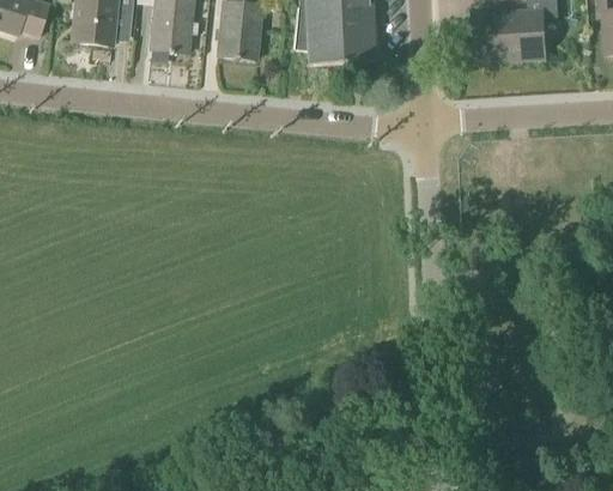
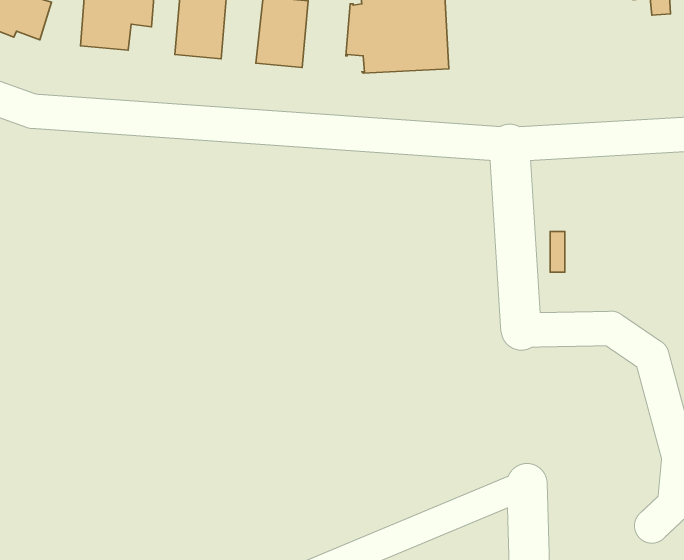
building: [475,11,547,59] -> none

